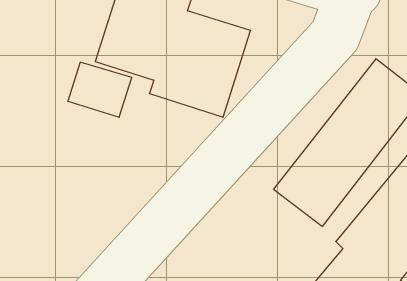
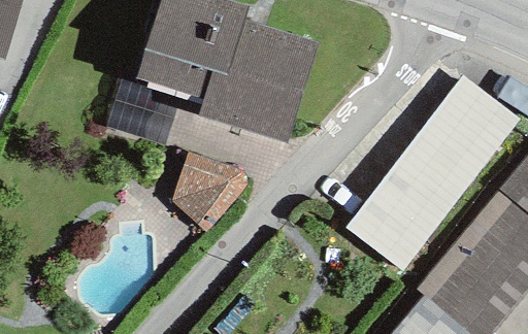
building: none -> [171,152,246,230]

